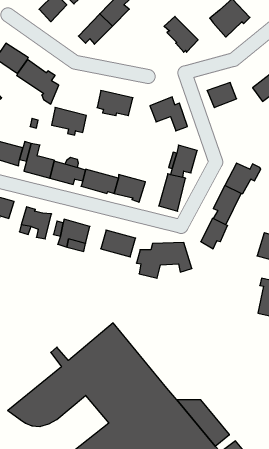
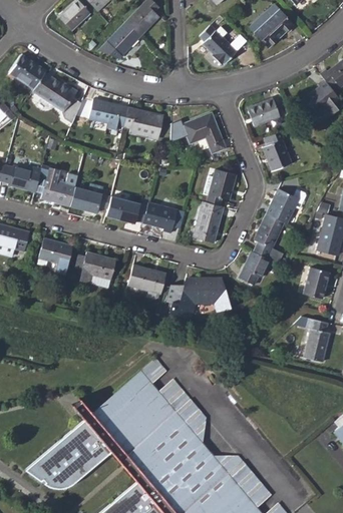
building: [52,107,86,135] -> [88,99,127,130]
building: none -> [263,131,292,172]
building: none -> [140,356,207,442]

